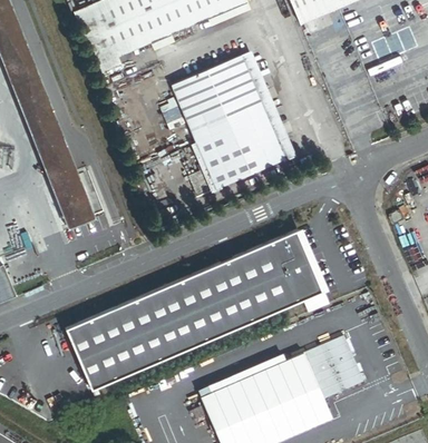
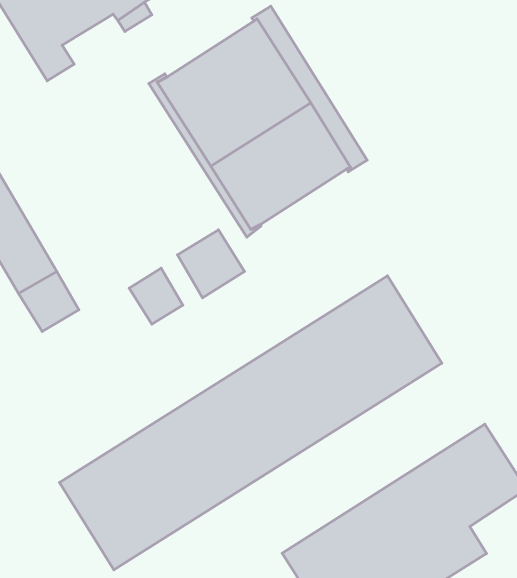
building: none -> [178,230,245,298]
building: none -> [129,268,183,324]

